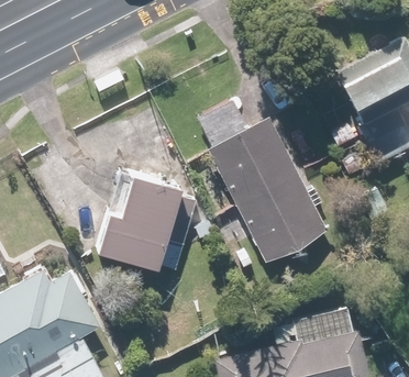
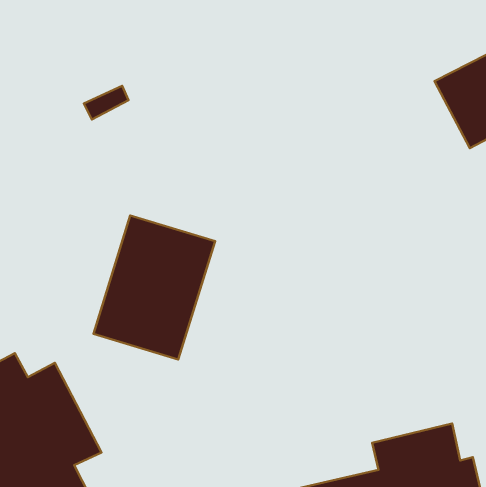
building: [207,120,327,265] -> none

